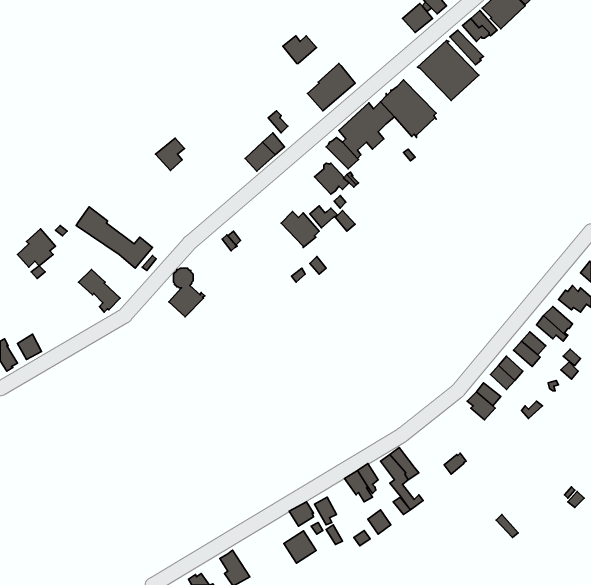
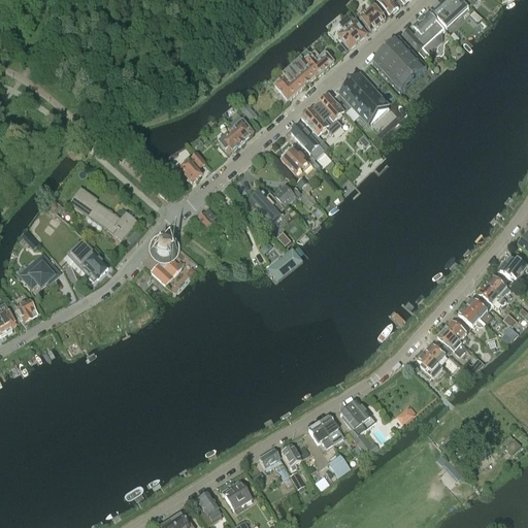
building: none -> [338,12,367,46]
building: [283,36,317,64] -> [304,50,334,74]
building: [155,138,184,170] -> [178,153,204,182]
building: [17,229,56,267] -> [22,252,56,286]
building: [284,531,316,563] -> [222,480,251,508]

